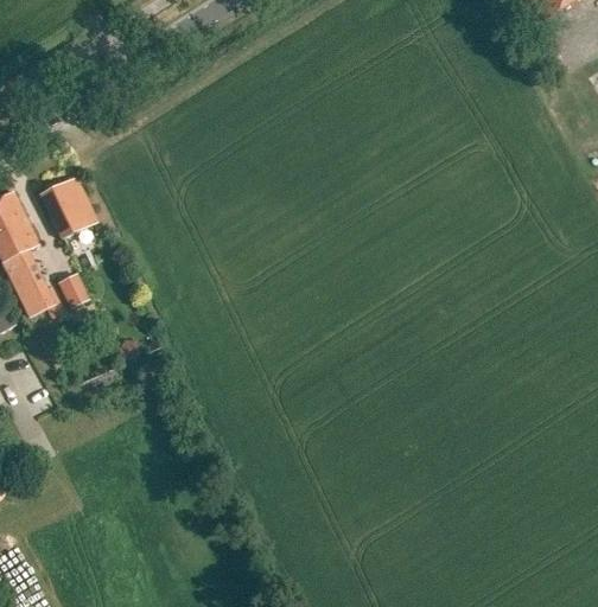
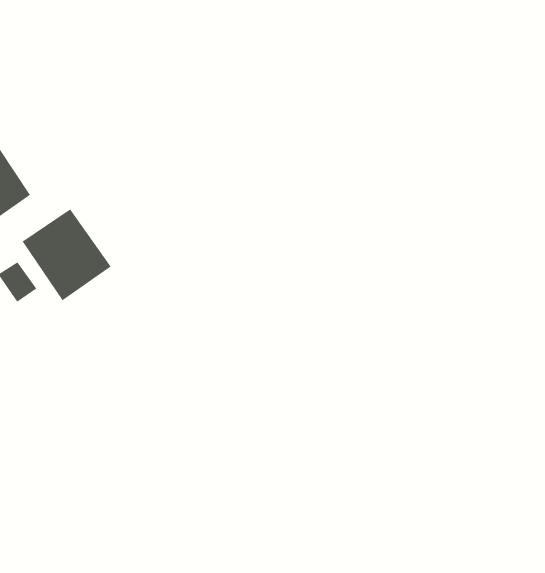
building: none -> [22,208,112,301]

